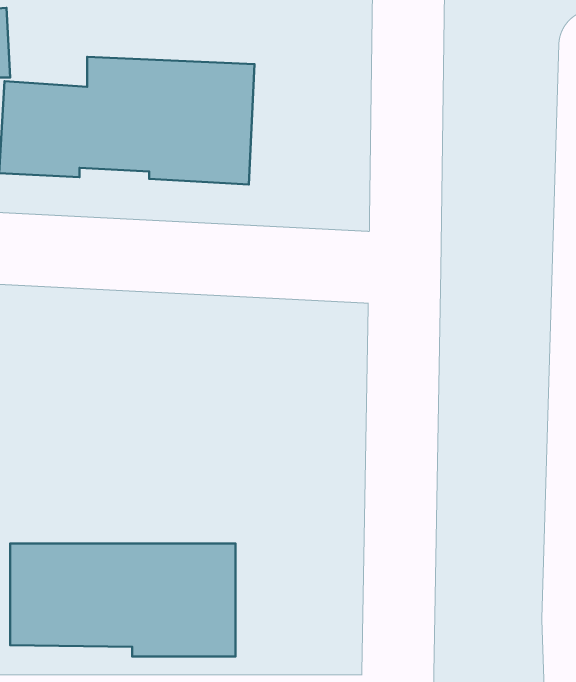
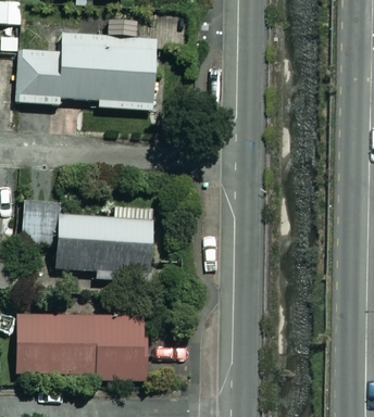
building: none -> [20,200,154,278]

